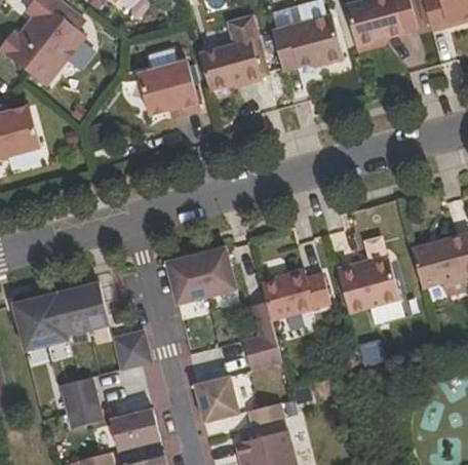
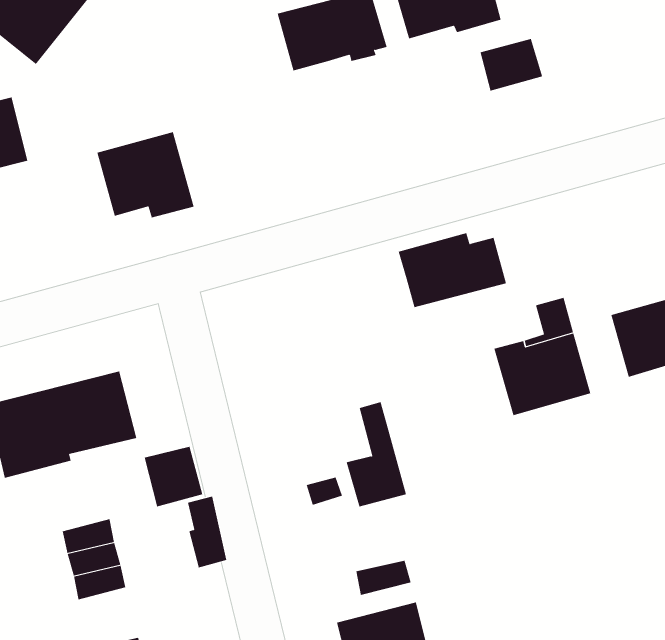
building: [136,61,199,116] -> [97,132,194,218]
building: none -> [480,38,543,91]
building: [165,247,235,305] -> none
building: [260,272,329,320] -> [398,232,507,308]
building: [194,377,239,422] -> none
building: [110,410,159,450] -> none

